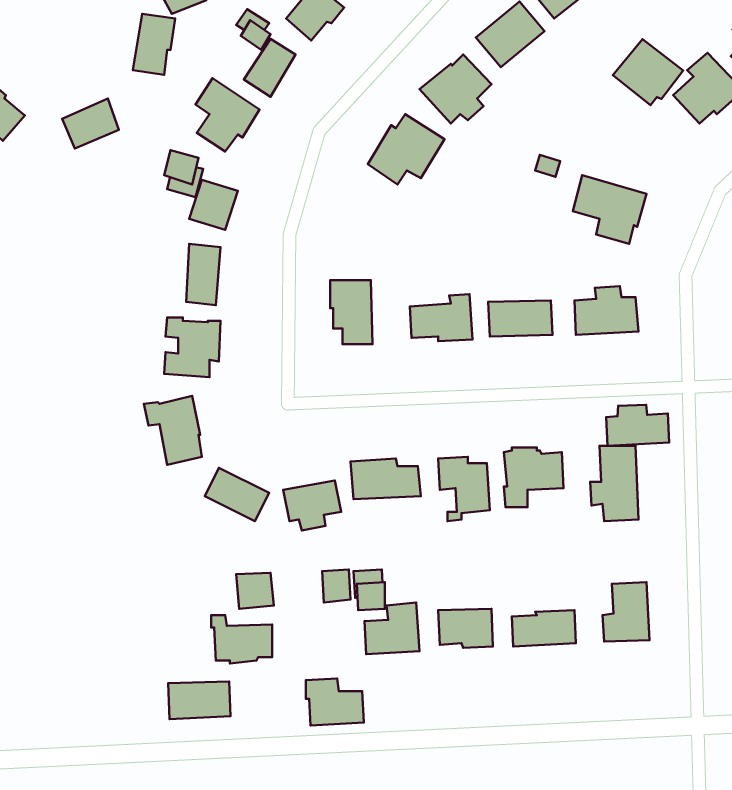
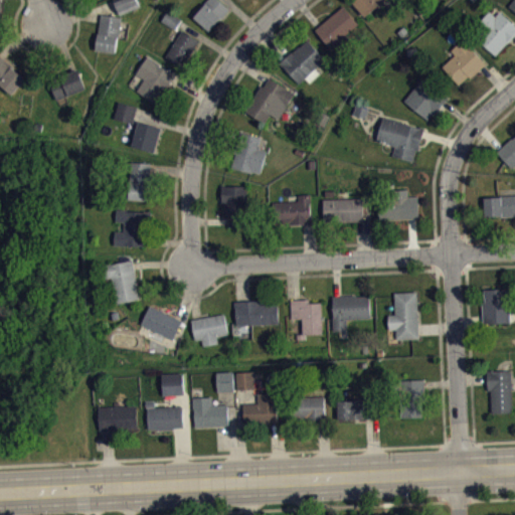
building: [613,39,683,105] -> [402,78,448,121]
building: none -> [229,132,266,174]
building: [606,405,669,446] -> none
building: [306,679,364,726] -> [191,397,228,427]
building: [168,682,231,719] -> [97,406,137,431]

